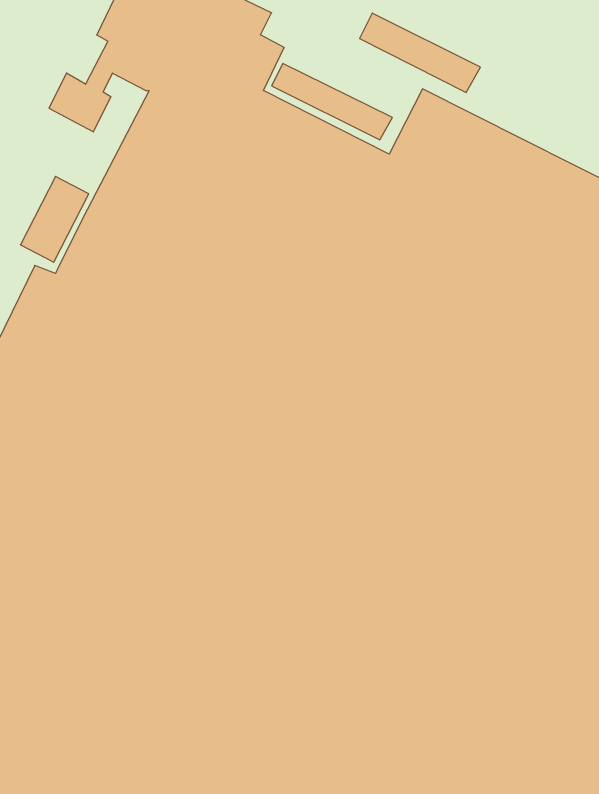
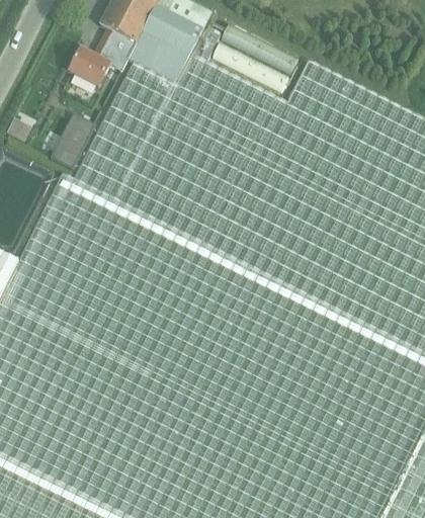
building: [360,13,480,93] -> [221,28,298,79]

